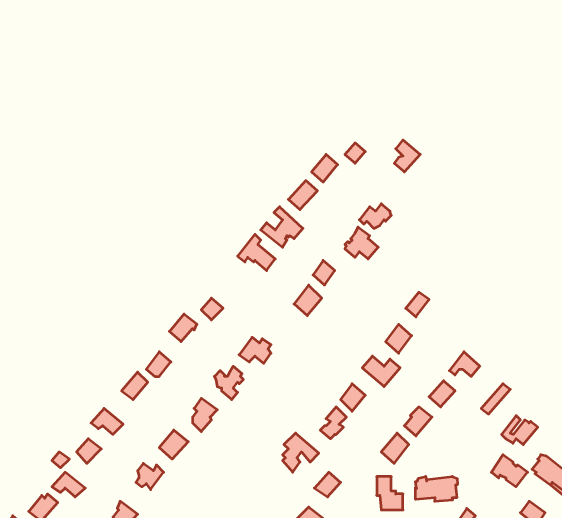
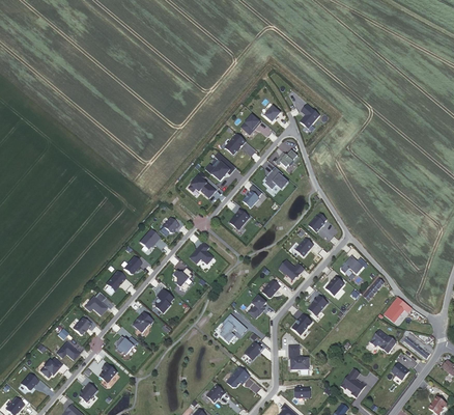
building: [415,476,457,501] -> none

